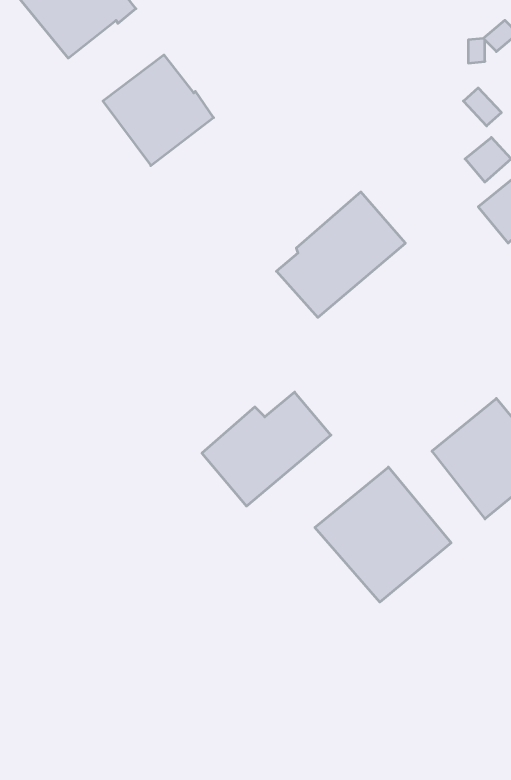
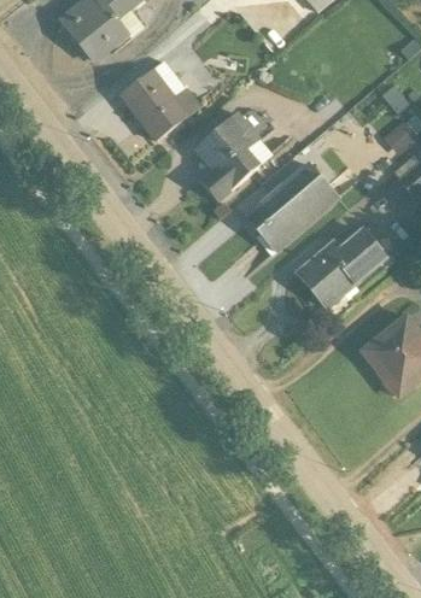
building: none -> [193,109,274,203]
building: [202,392,331,506] -> [294,227,388,310]
building: [315,467,451,602] -> none

